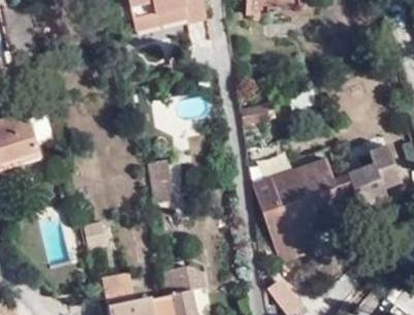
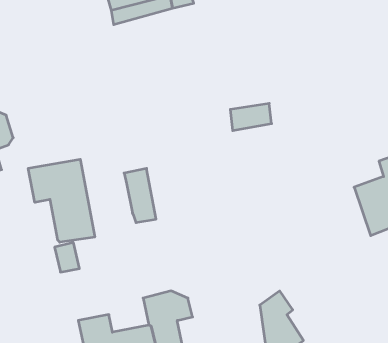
building: none -> [28,159,95,242]
building: [265,158,335,247] -> none

